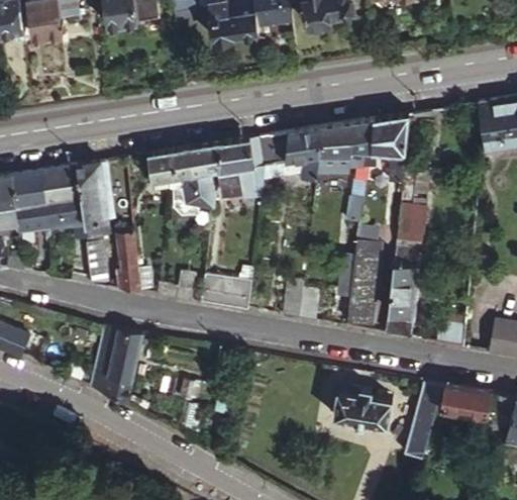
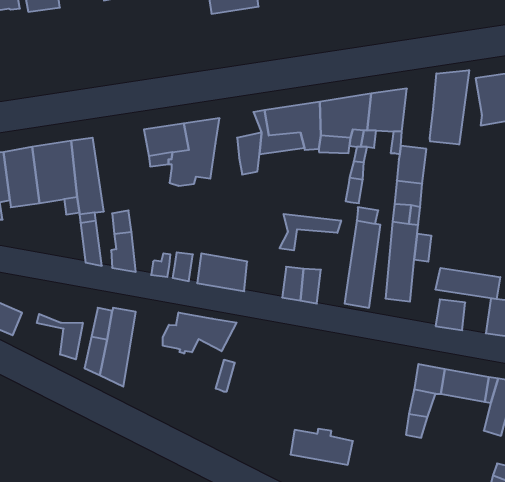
building: none -> [430,70,469,145]
building: [220,134,266,184] -> none
building: none -> [280,214,341,250]
building: none -> [436,268,500,299]
building: none -> [163,312,237,354]
building: none -> [37,314,83,359]
building: [332,390,394,425] -> [290,429,353,465]

